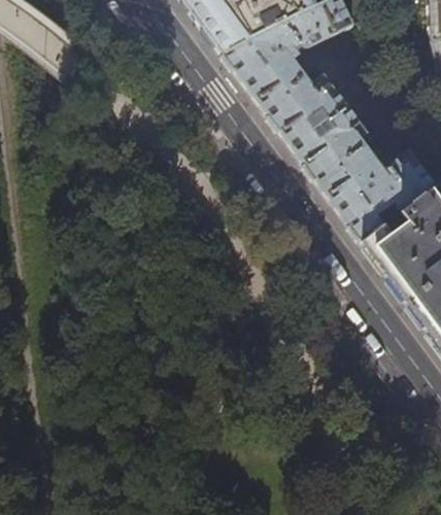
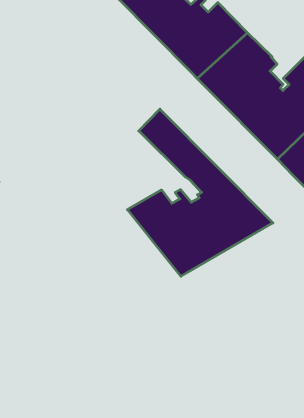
building: none -> [127,109,273,276]

